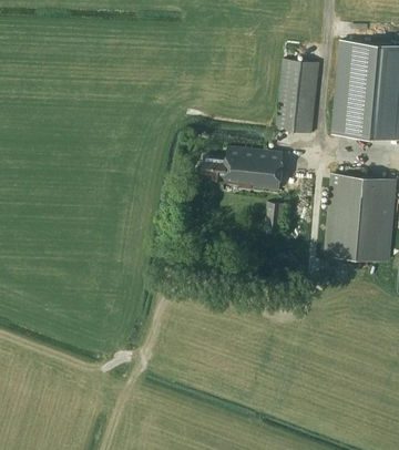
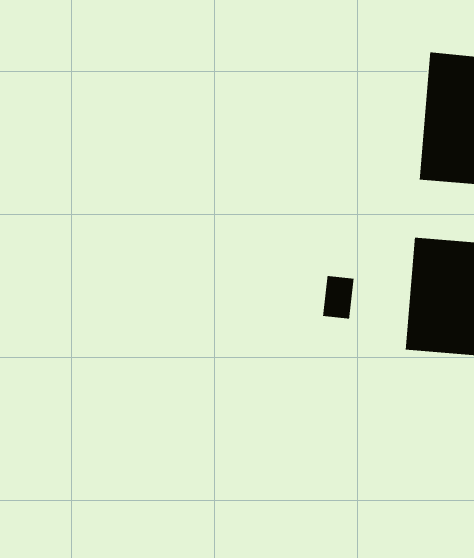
building: [275,59,319,133] -> none
building: [197,146,283,190] -> none

